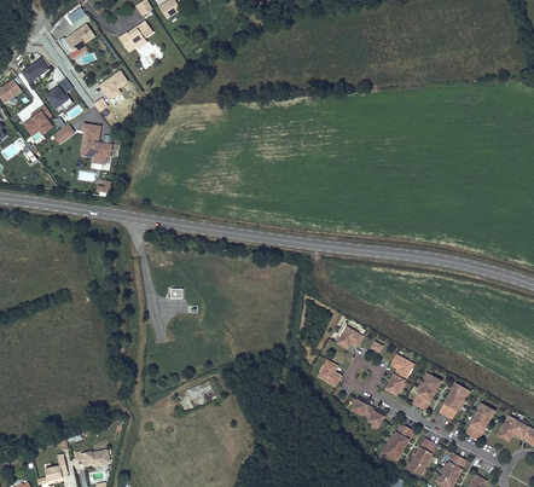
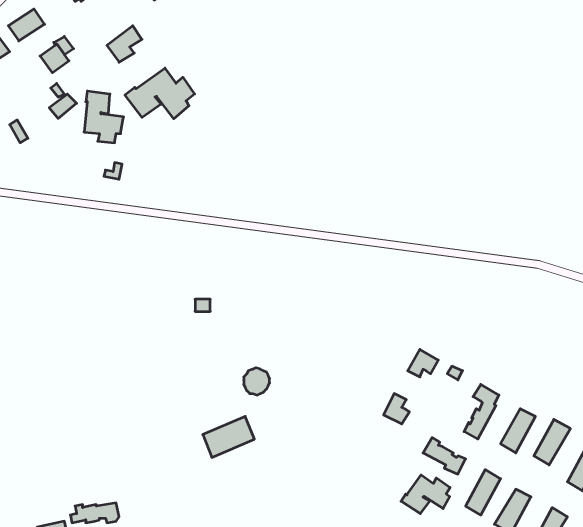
building: none -> [125,68,195,119]
building: [23,104,52,137] -> none
building: none -> [401,475,450,514]

